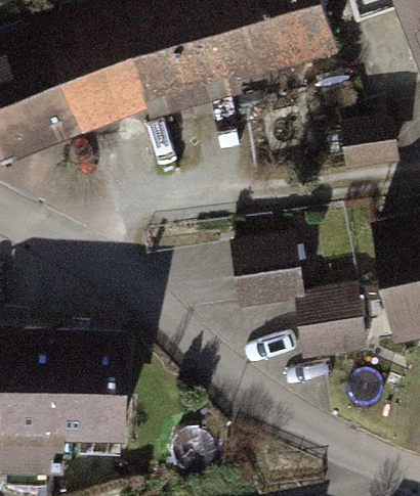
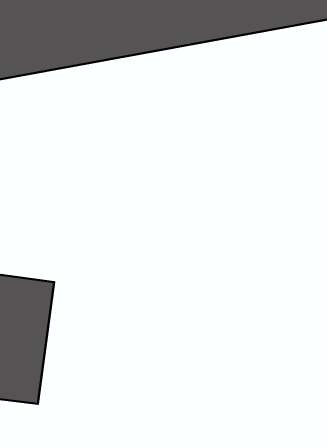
building: [230,233,367,359] -> none

